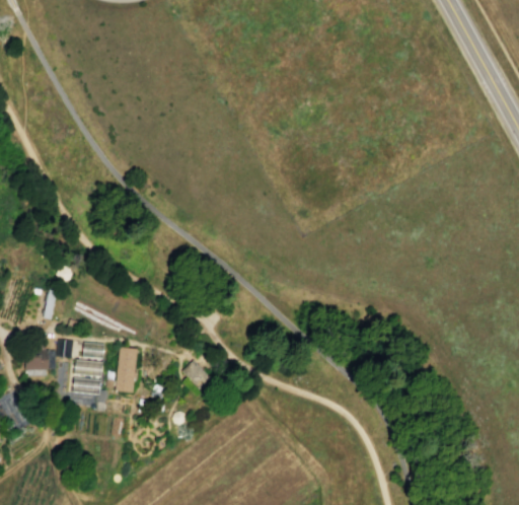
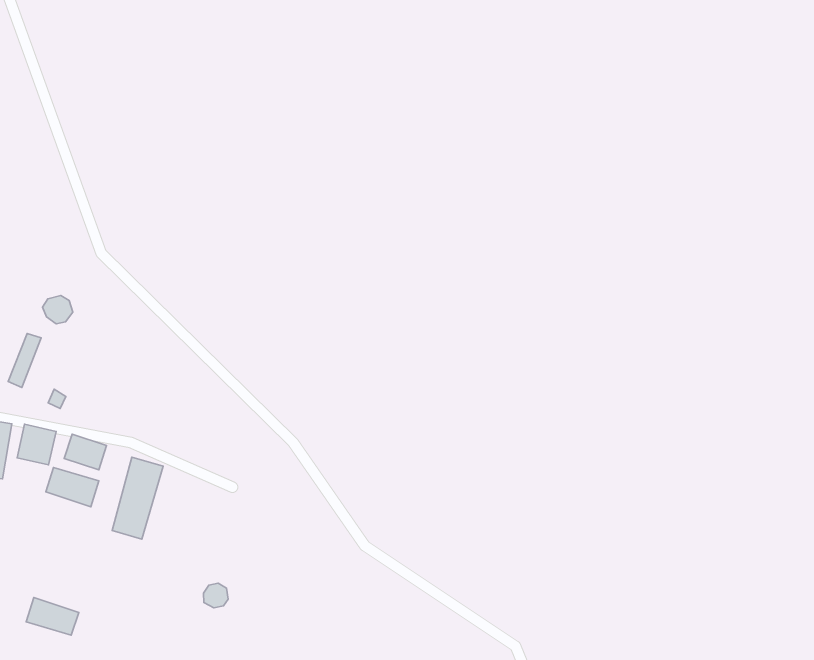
building: [181,360,213,390] -> none
building: [71,378,99,395] -> [26,598,79,635]

